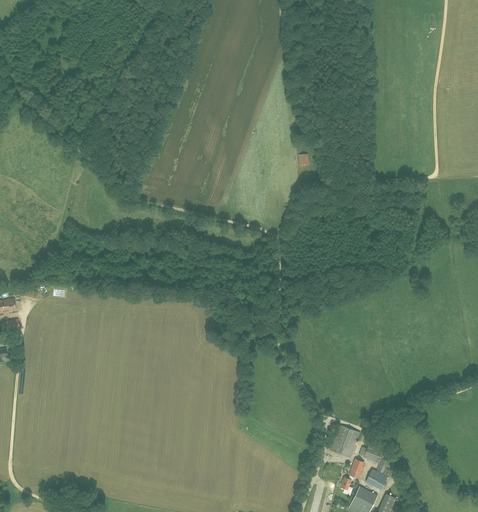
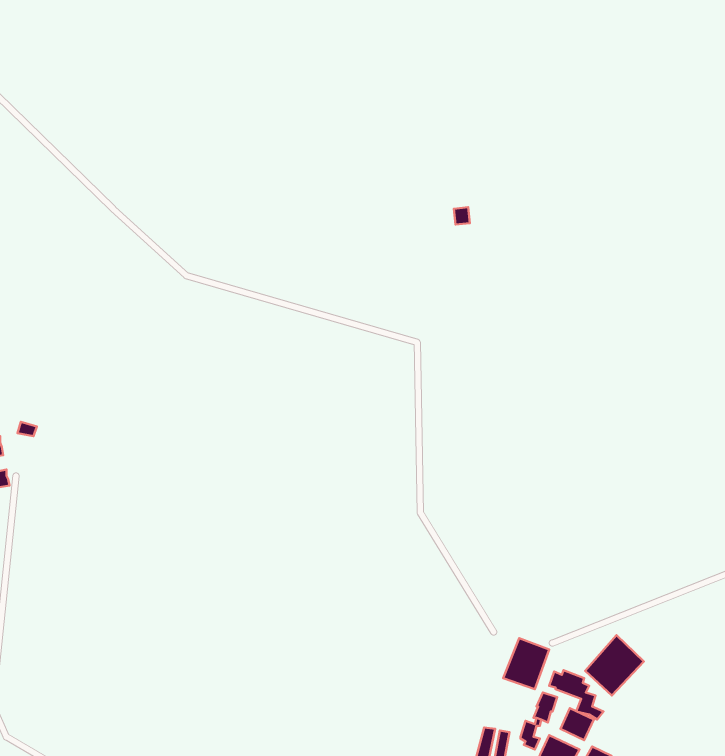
building: none -> [585,635,644,695]

